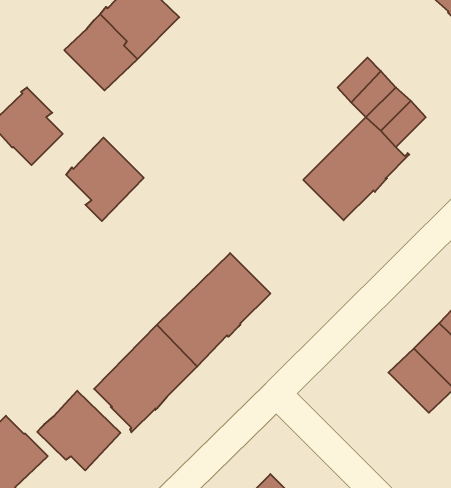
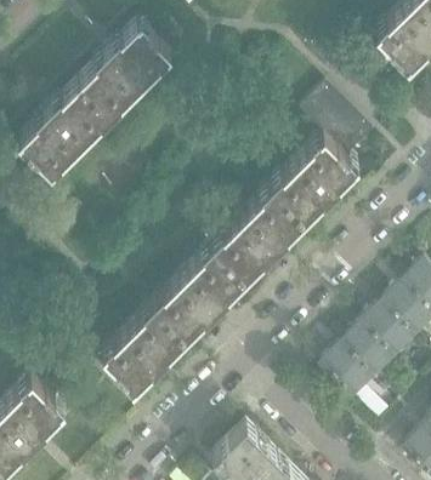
building: [66,138,144,221] -> [47,85,110,153]
building: none -> [212,190,305,282]
building: none -> [319,347,374,401]
building: [37,391,120,470] -> none

